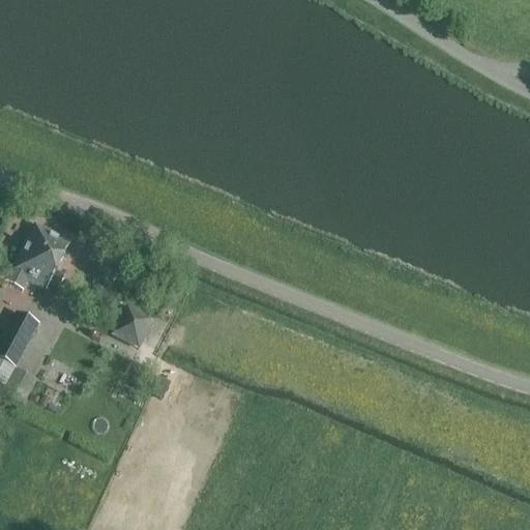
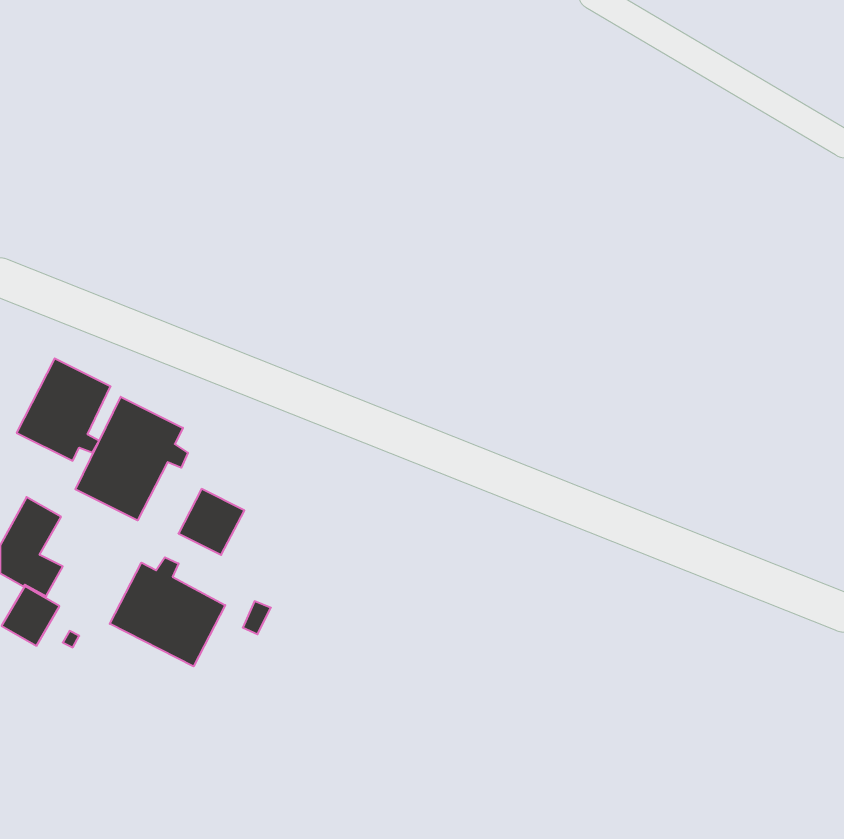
building: none -> [75,397,188,520]
building: none -> [110,557,225,666]

